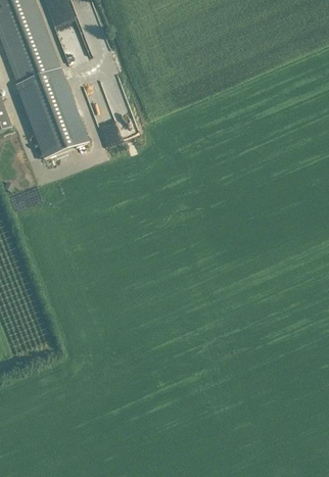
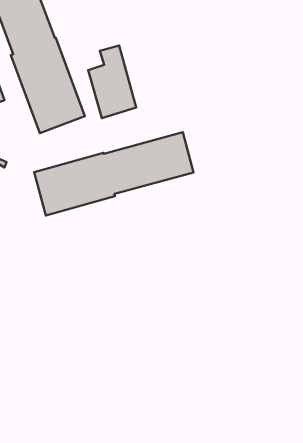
building: none -> [34,132,193,215]

